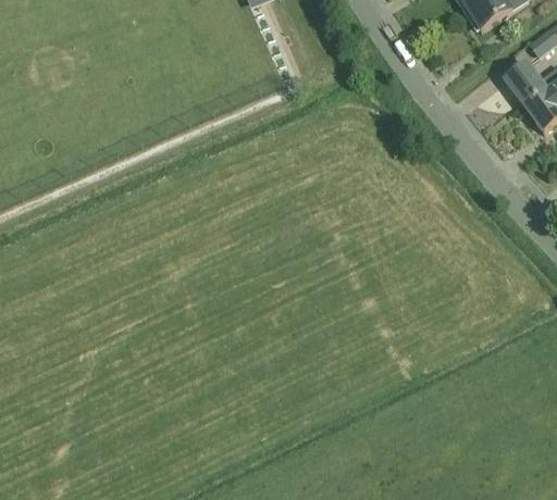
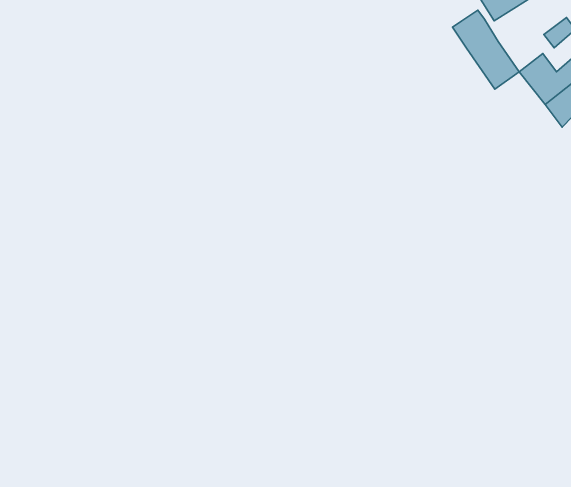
building: none -> [452,10,519,89]

